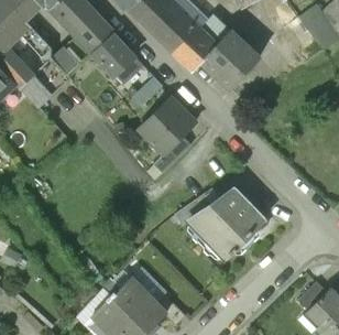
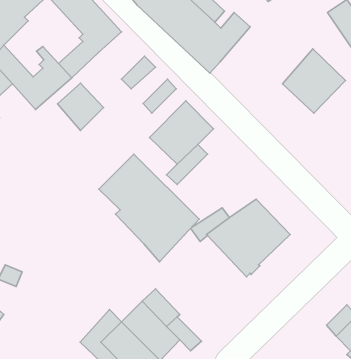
building: [201,30,259,88] -> [282,49,345,113]
building: [91,34,133,77] -> [57,83,103,131]
building: none -> [99,154,199,262]

